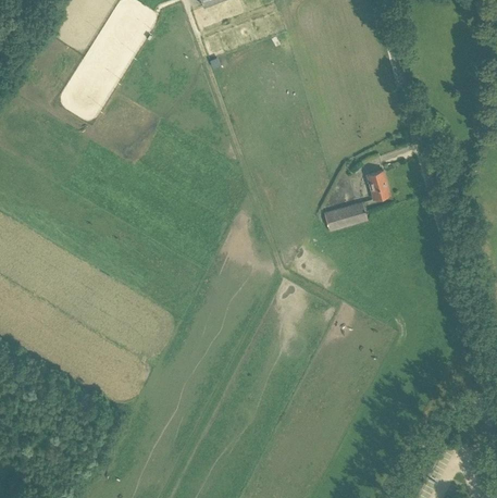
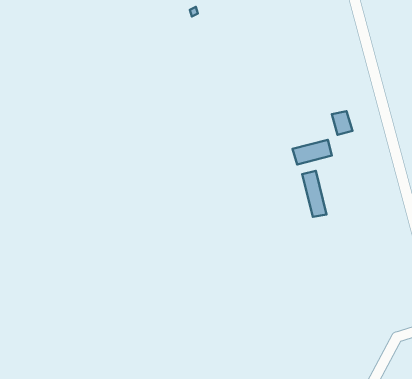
building: none -> [302,171,327,217]

